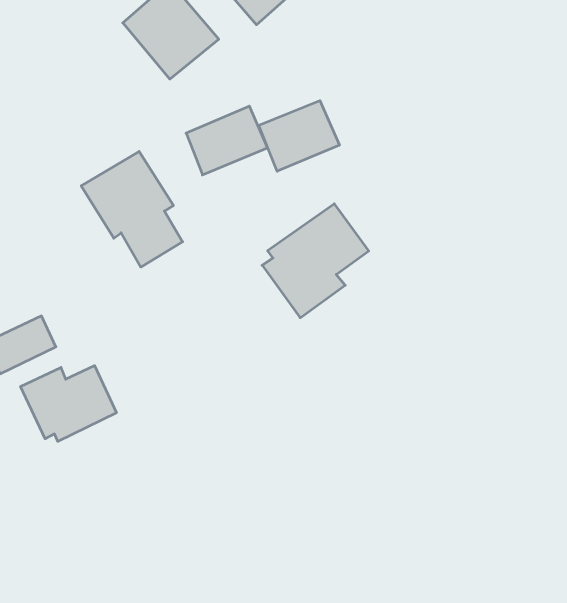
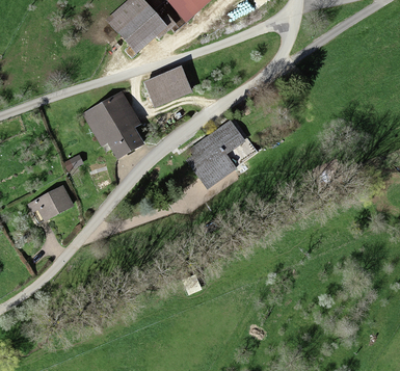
building: [259,101,339,171] -> none
building: [21,366,116,441] -> none

